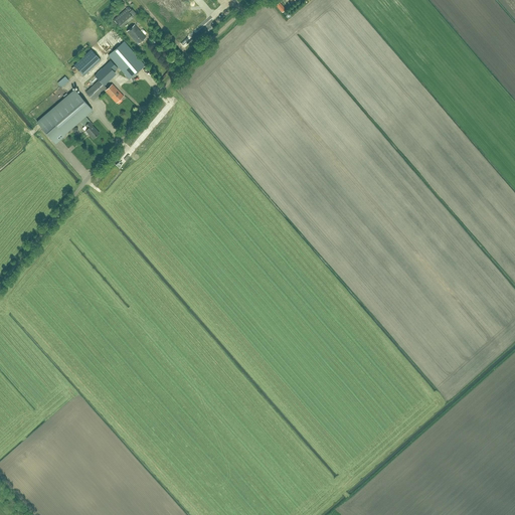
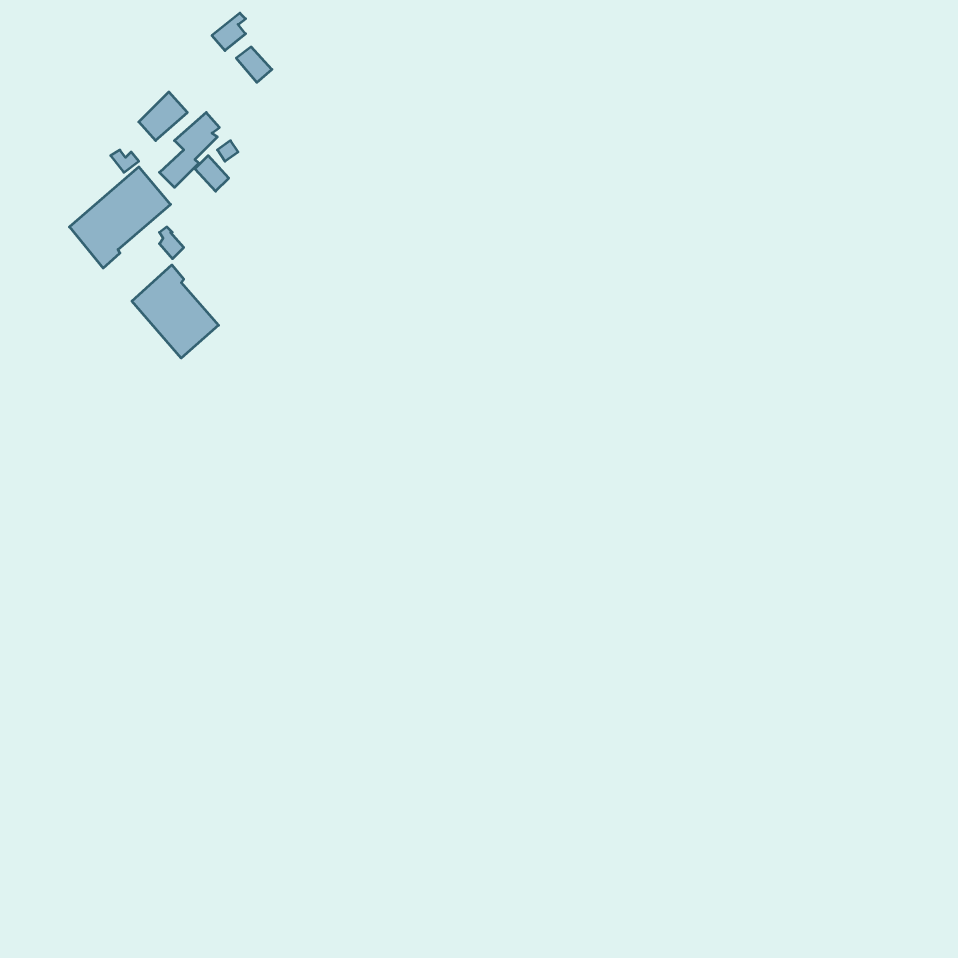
building: [109,41,145,78] -> none
building: none -> [132,265,219,358]

